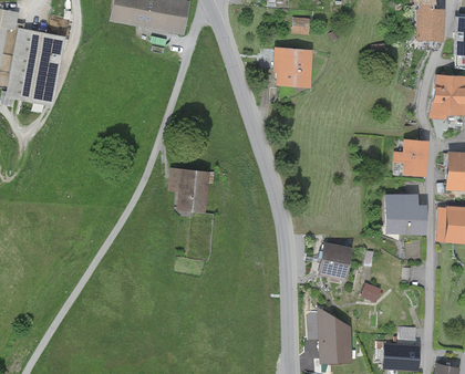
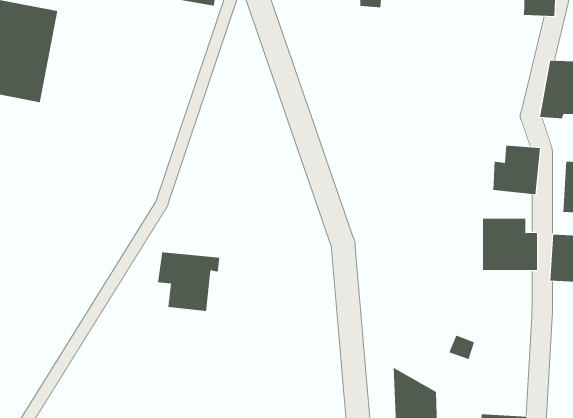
building: [273,46,313,87] -> none
building: [166,167,214,212] -> [157,252,220,312]
building: [318,241,353,280] -> none

